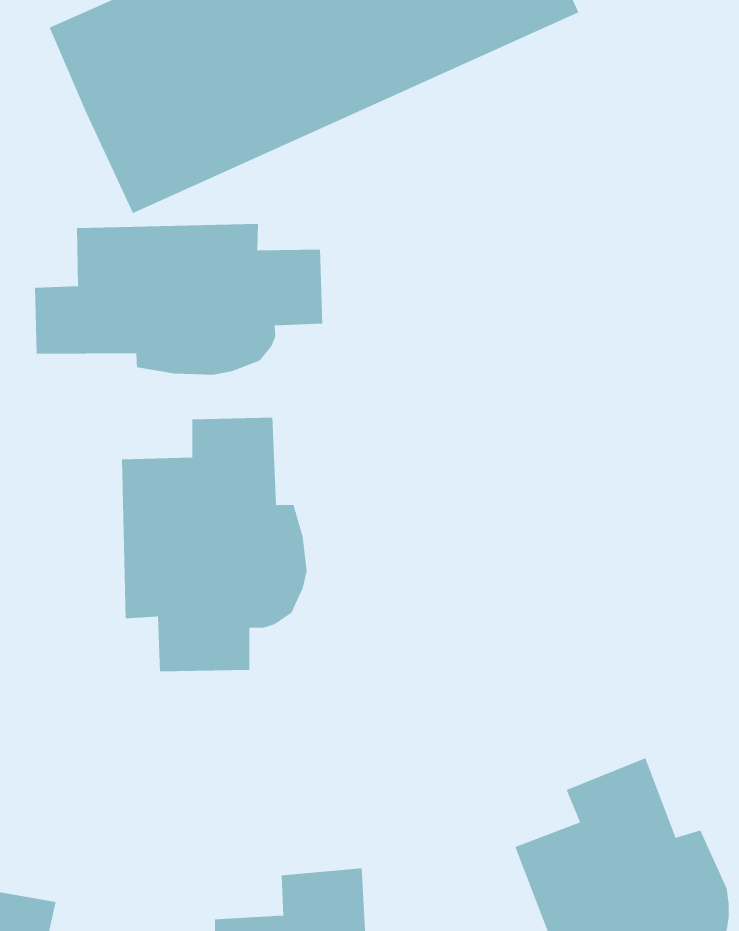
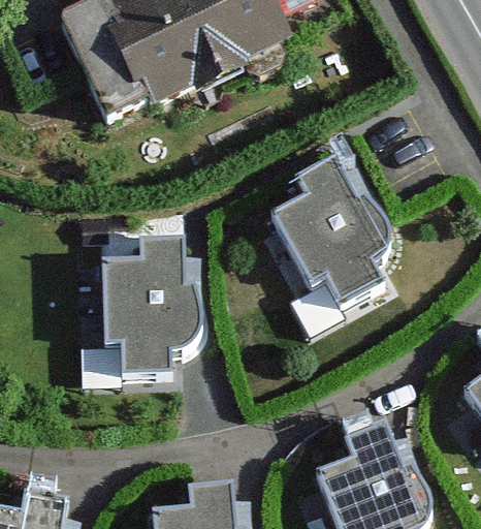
building: [34,223,323,376] -> none
building: none -> [269,153,391,306]

